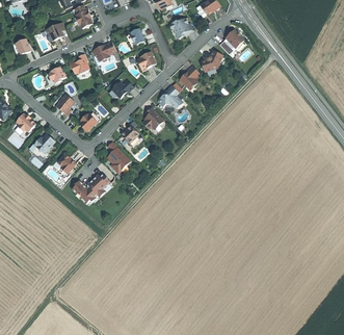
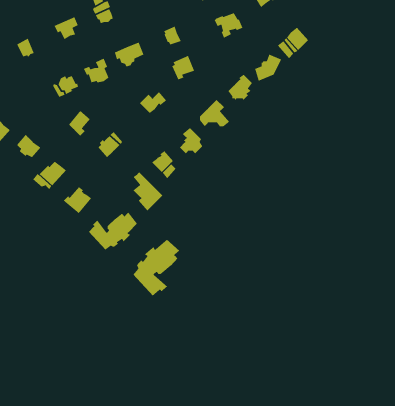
building: none -> [132,239,180,297]

